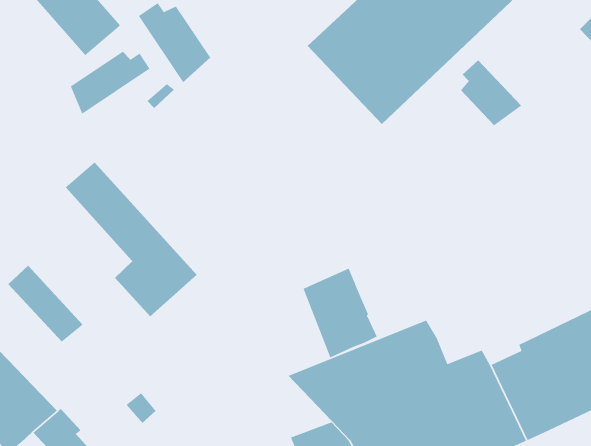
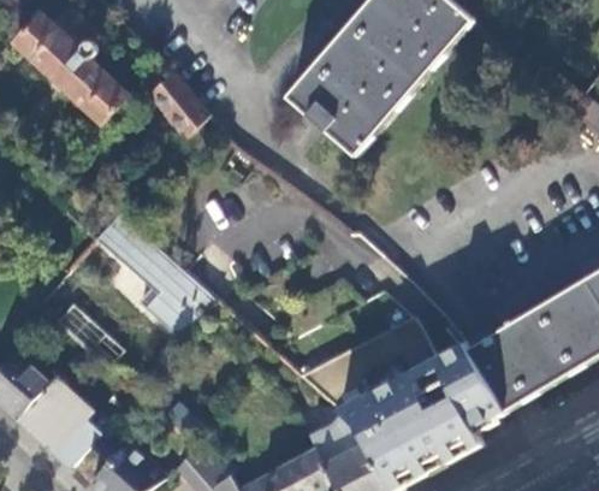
building: [70,51,150,115] -> none
building: [460,60,522,126] -> none
building: [303,268,378,358] -> none

